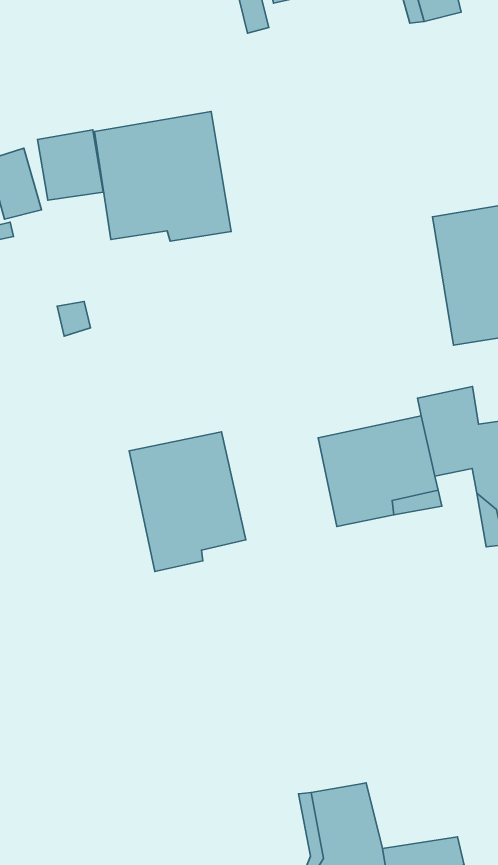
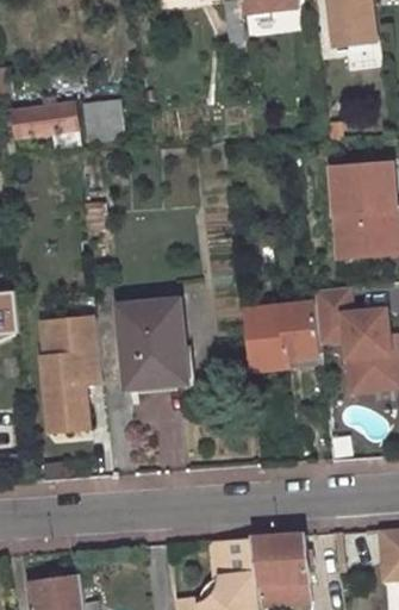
building: [95,111,231,241] -> none
building: none -> [40,313,100,428]
building: none -> [251,536,307,584]

